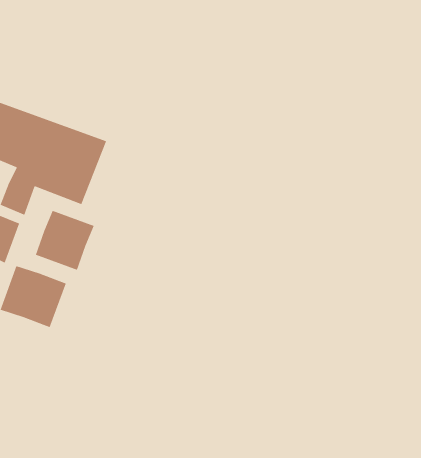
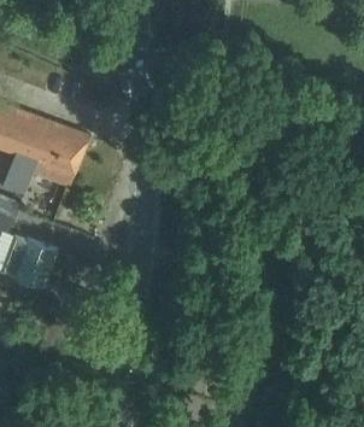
building: [35,210,95,271] -> none

